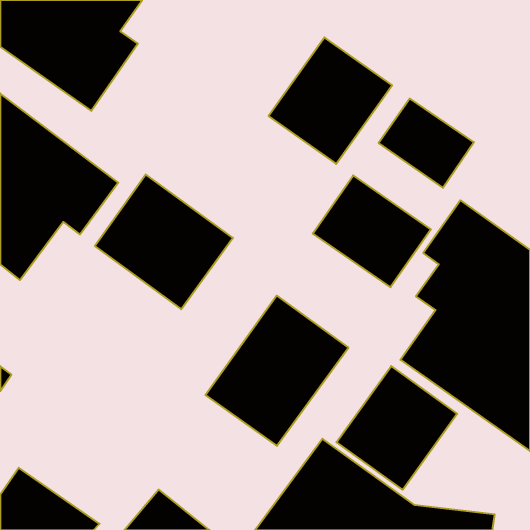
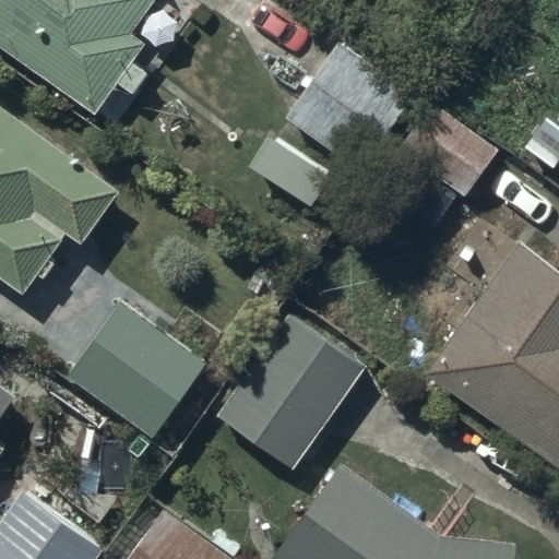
building: [95,174,233,309] -> [63,298,209,440]
building: [313,175,431,287] -> none
building: [336,366,457,490] -> none

